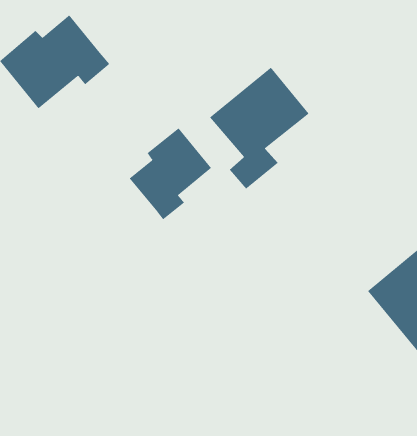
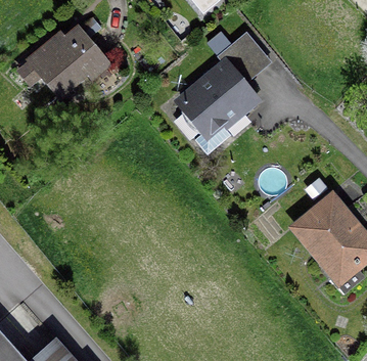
building: [129,127,212,220] -> none

